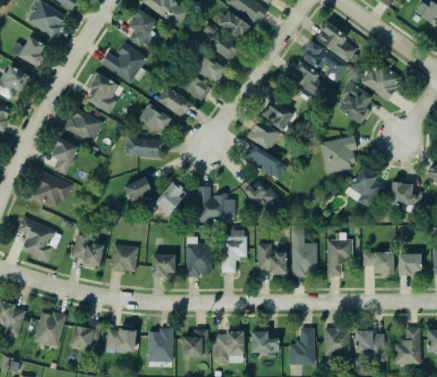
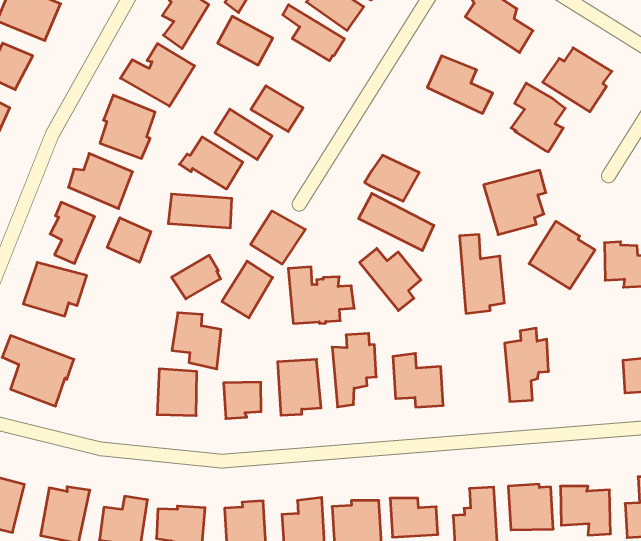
building: [302,39,349,82] -> none
building: [192,53,226,84] -> [218,16,273,65]
building: [262,99,295,132] -> none
building: none -> [107,218,151,262]
building: none -> [251,211,305,264]
building: [292,229,317,277] -> [460,235,504,313]
building: [73,233,104,269] -> [172,313,221,369]
building: [363,252,395,275] -> none

